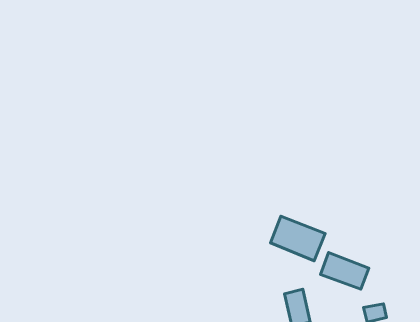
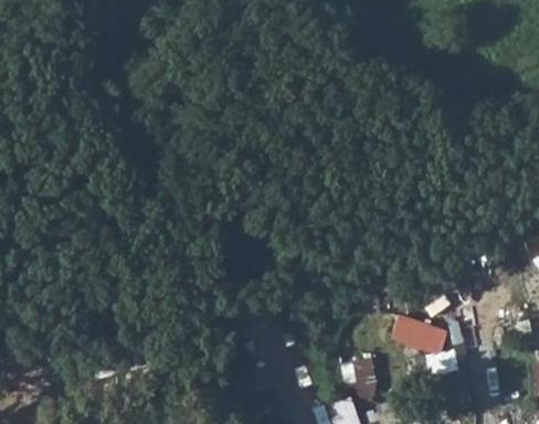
building: [271,216,325,261] -> none

